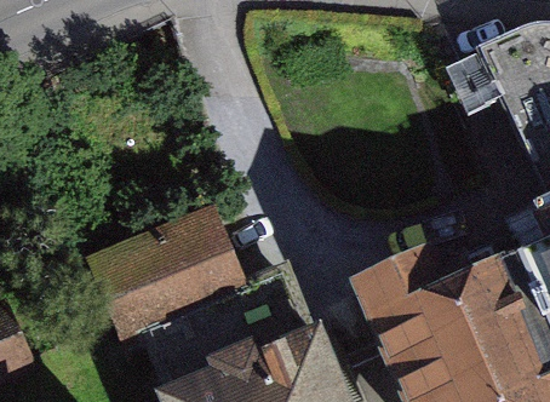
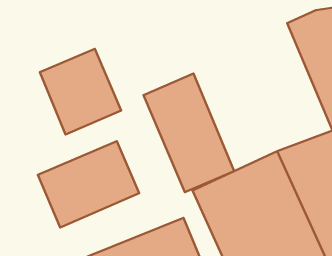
building: none -> [40,49,121,135]
building: none -> [144,74,234,192]

